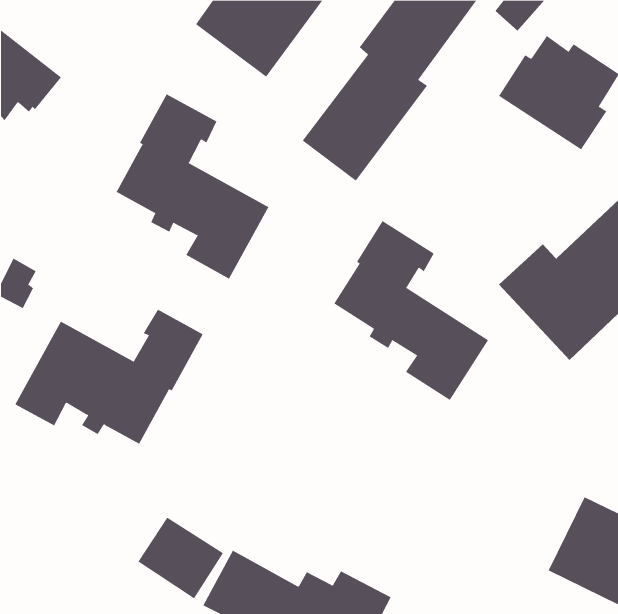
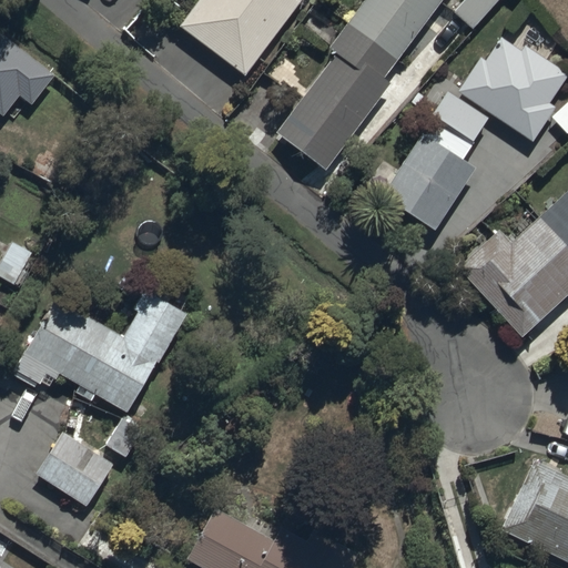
building: none -> [383,90,490,227]
building: [116,93,269,280] -> none
building: [333,220,489,401] -> none
building: [138,517,224,599] -> [36,432,114,507]

